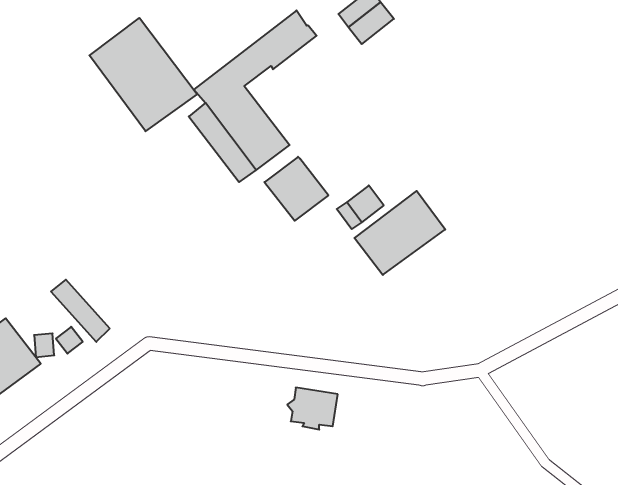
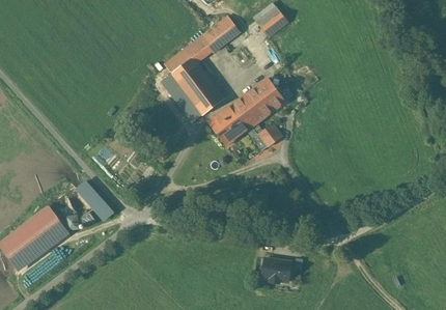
building: [89,18,197,131] -> none
building: [354,191,445,275] -> [229,78,285,130]
building: [287,388,338,430] -> [259,257,290,283]

